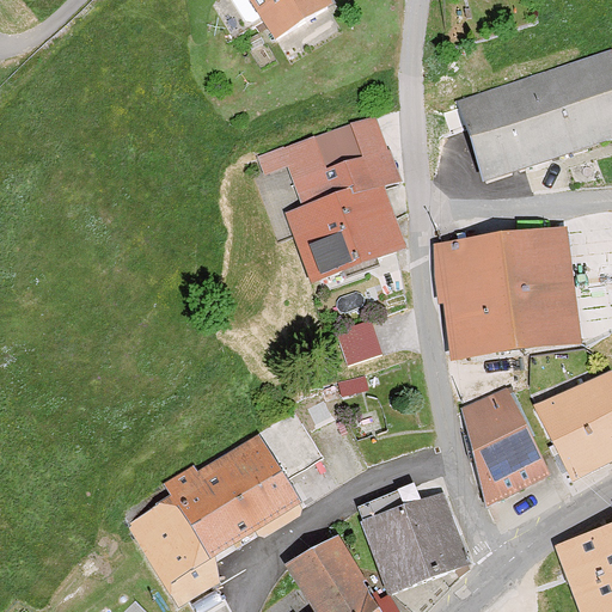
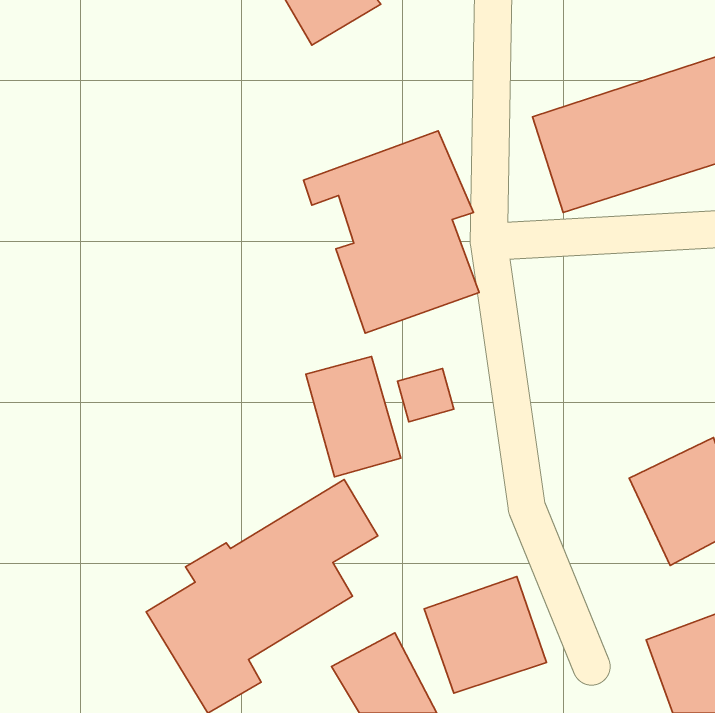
building: [433,228,580,361] -> none
building: none -> [306,356,401,477]
building: [458,392,544,506] -> none

